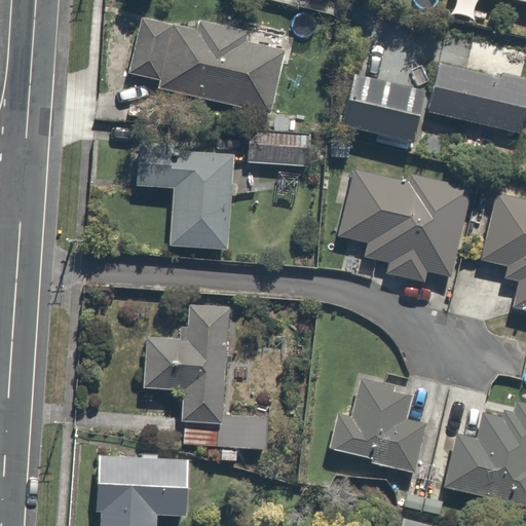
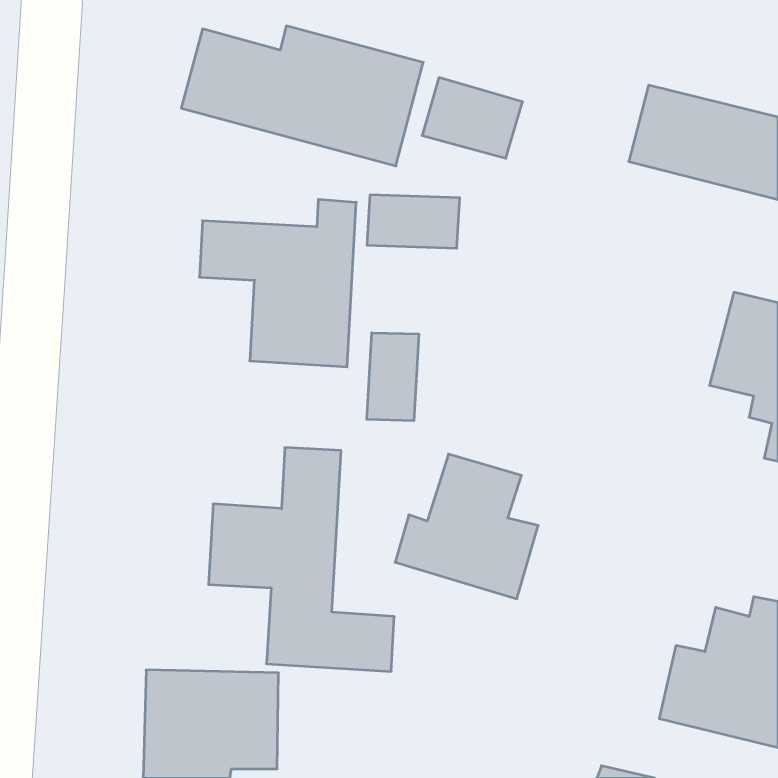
building: [347,83,415,138] -> [422,78,523,158]
building: [339,168,475,286] -> none
building: none -> [367,333,419,421]
building: [330,376,426,474] -> [395,454,538,599]

